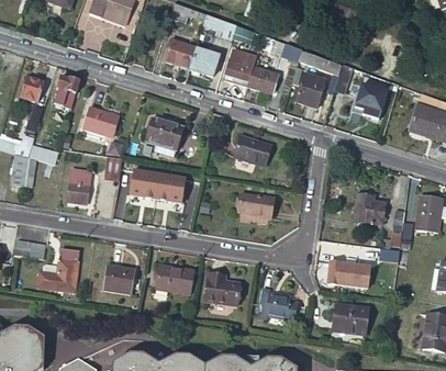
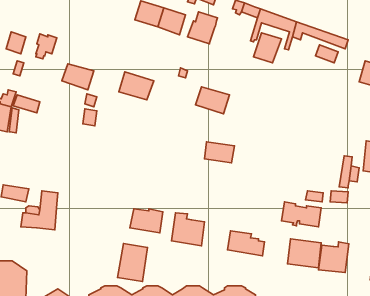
building: [246,67,278,93] -> none
building: [67,166,89,205] -> none
building: [129,168,188,205] -> none
building: [352,193,383,224] -> none
building: [105,252,138,294] -> [117,244,147,282]
building: none -> [318,242,349,273]

